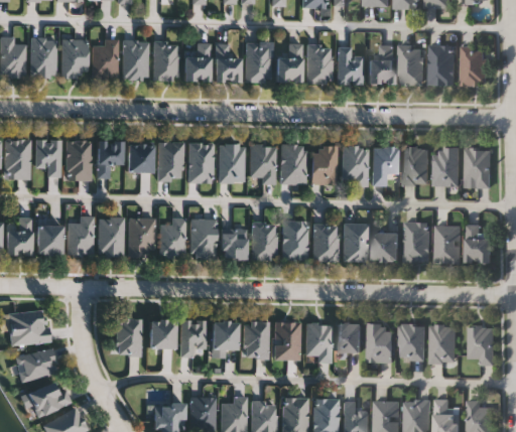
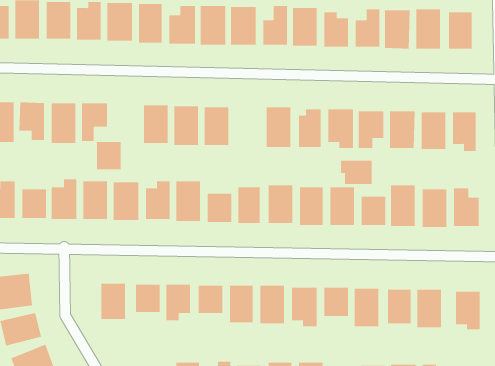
building: [128,144,153,172] -> [96,141,122,170]
building: [250,145,275,184] -> none
building: none -> [340,160,372,185]

